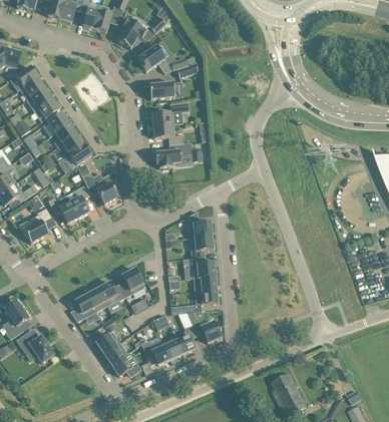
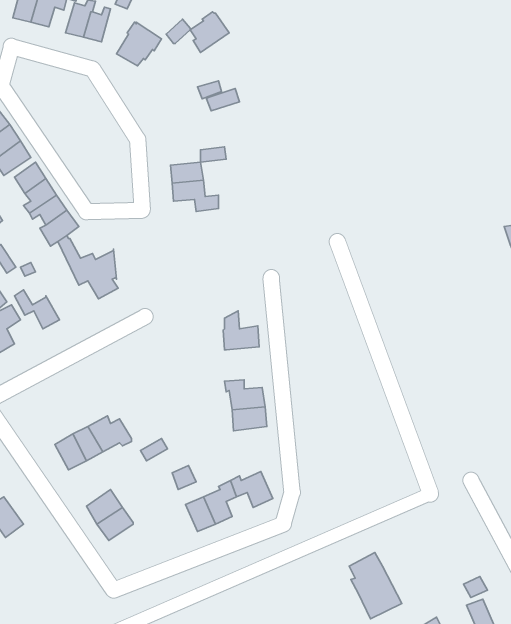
building: [138,44,164,71] -> [190,12,229,52]
building: [149,81,174,101] -> none
building: [155,141,192,168] -> none
building: [68,184,89,217] -> none
building: [188,235,213,258] -> none
building: [118,268,144,296] -> none
building: [189,288,218,312] -> none
building: [142,340,170,364] -> none
building: [111,351,141,376] -> none

